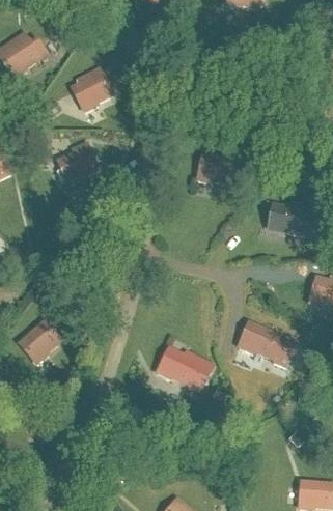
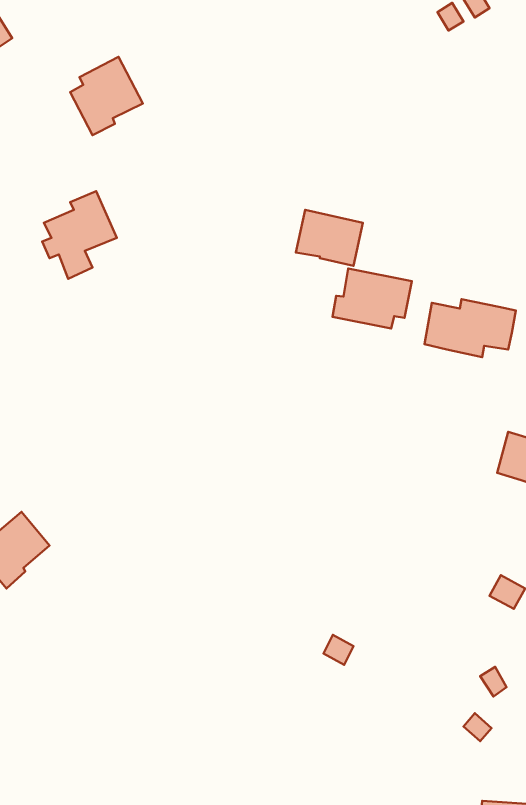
building: none -> [333,269,412,328]
building: [238,321,296,367] -> none
building: [157,347,213,384] -> none

